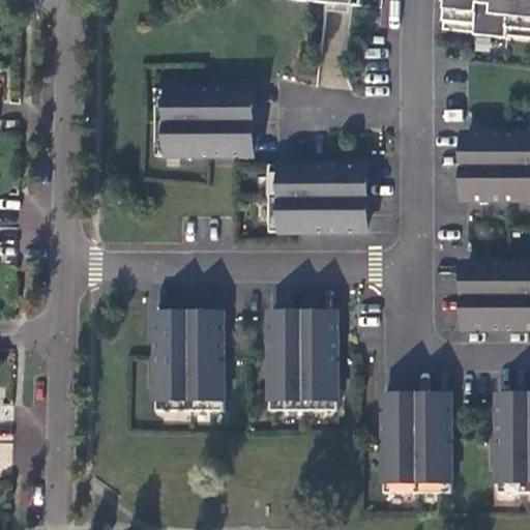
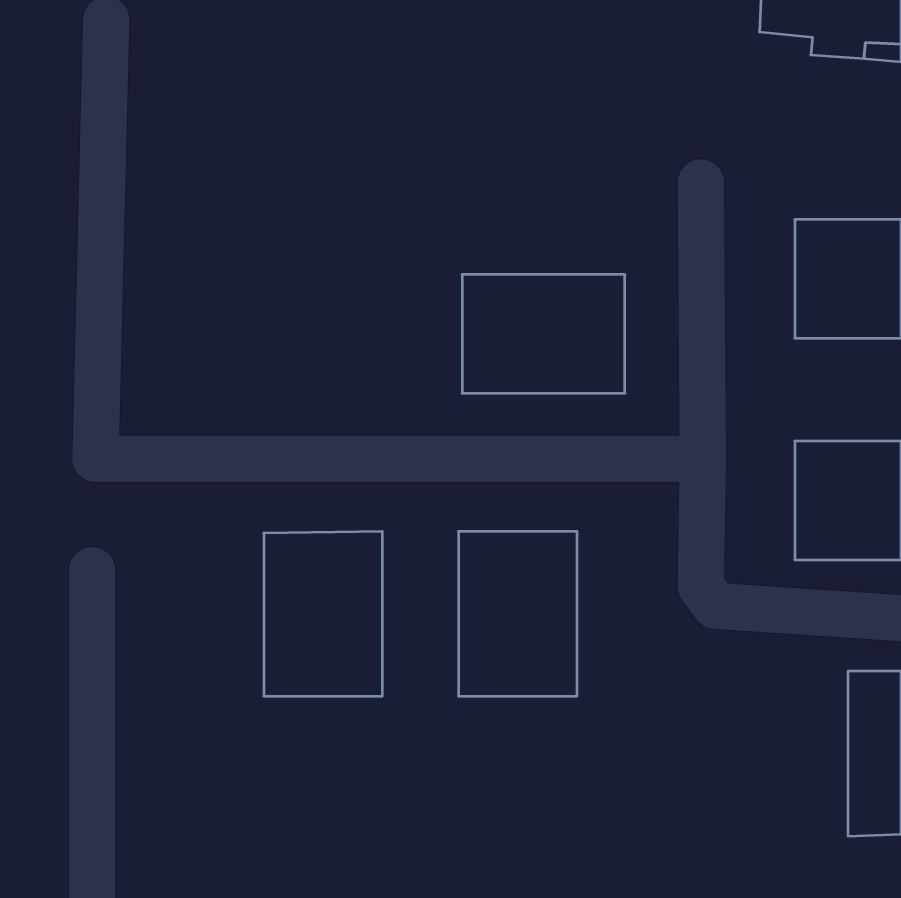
building: [155,84,252,153] -> none
building: [382,392,451,489] -> none

